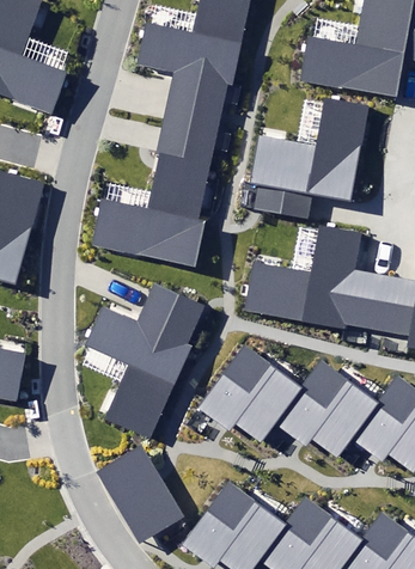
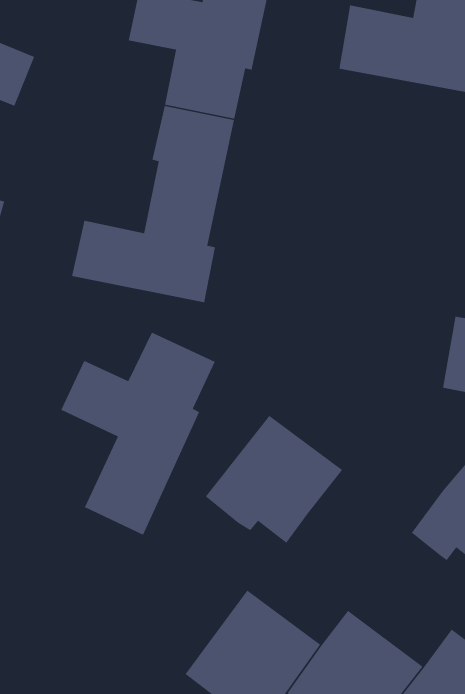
building: [250,98,367,216] -> none
building: [244,221,386,326] -> none
building: [275,362,377,457] -> none
building: [96,446,185,542] -> none

